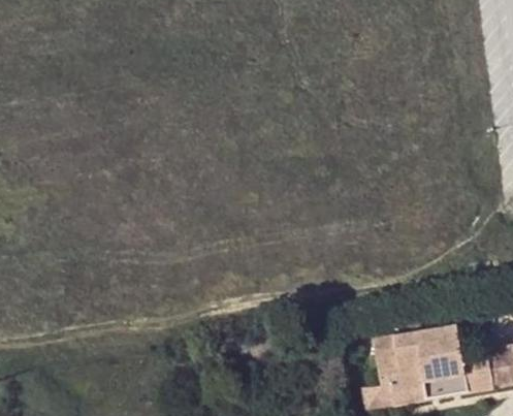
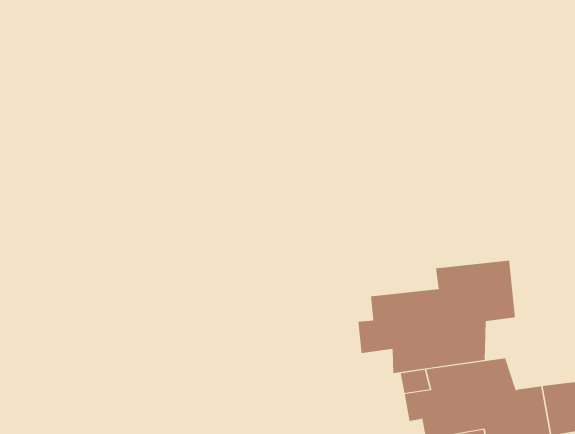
building: none -> [358,260,516,374]

